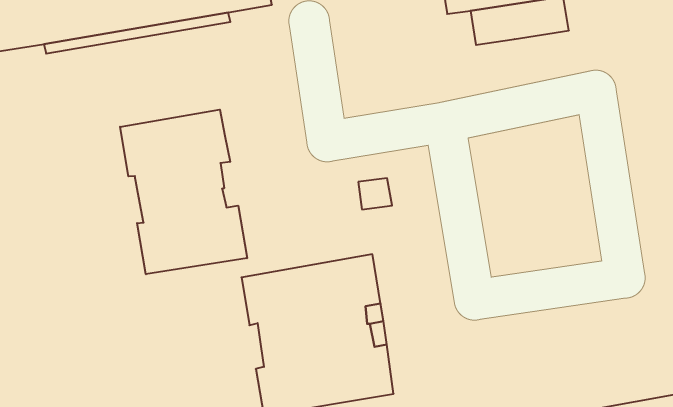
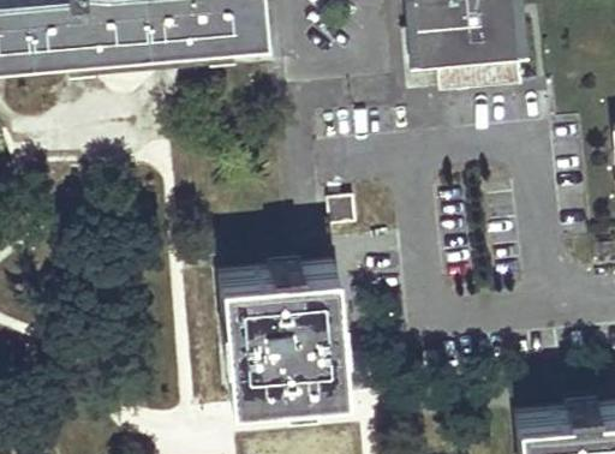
building: [120,110,247,274] -> none

